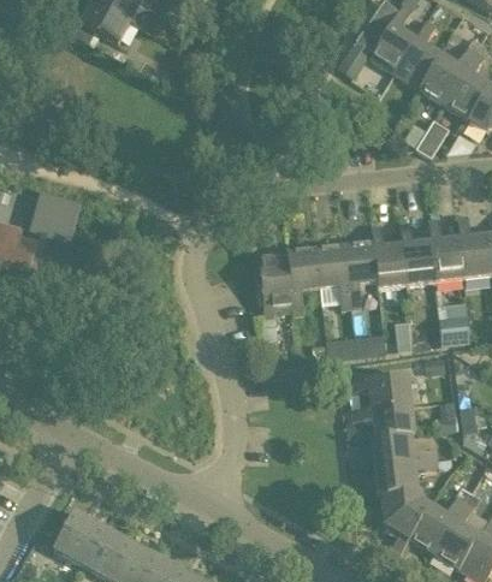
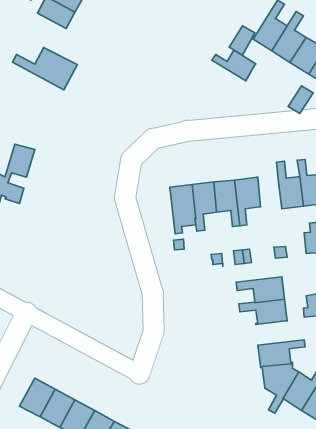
building: none -> [12,48,77,90]
building: none -> [212,50,256,81]
building: [371,222,407,286] -> none
building: [371,433,437,465] -> none

